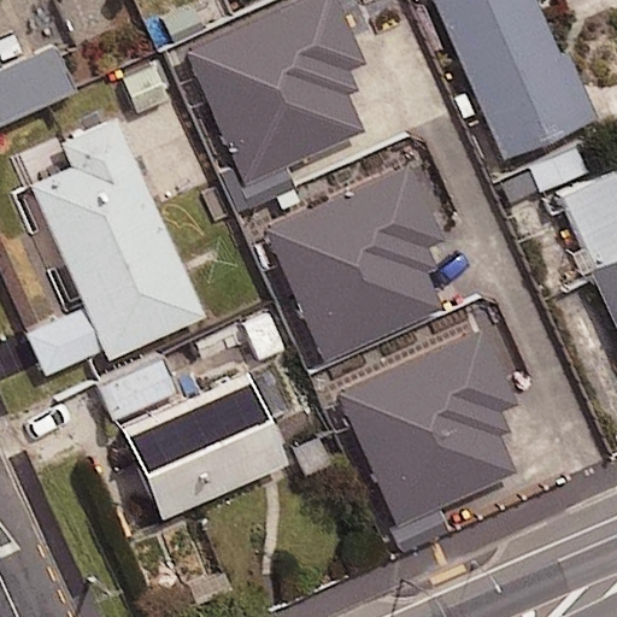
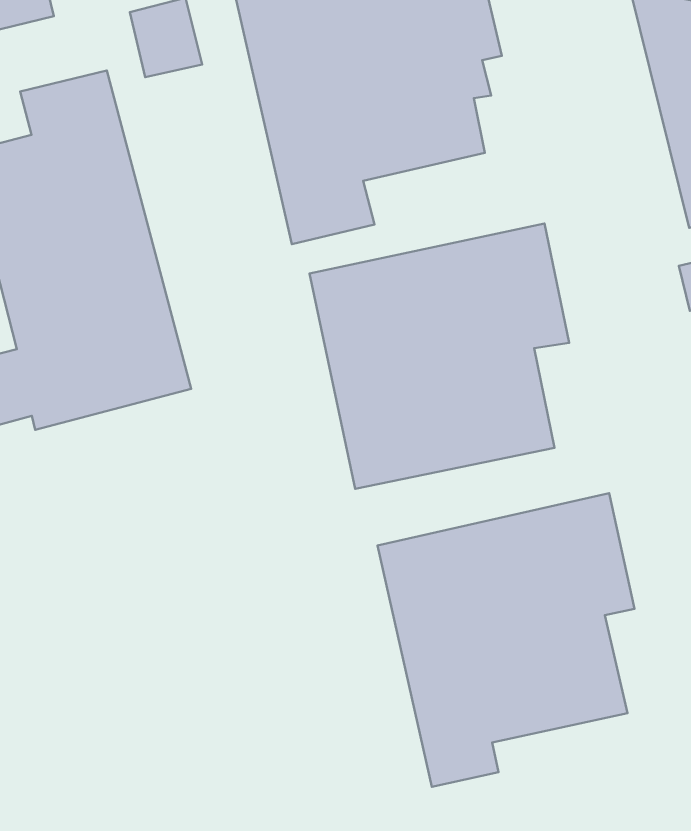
building: [102,358,284,515] -> none

